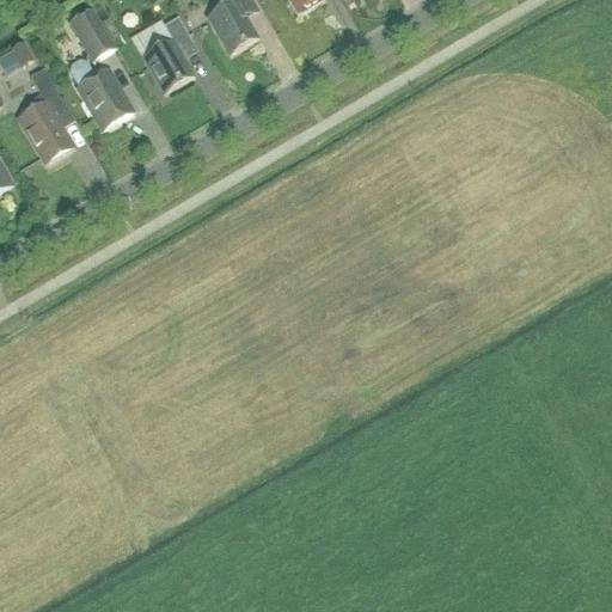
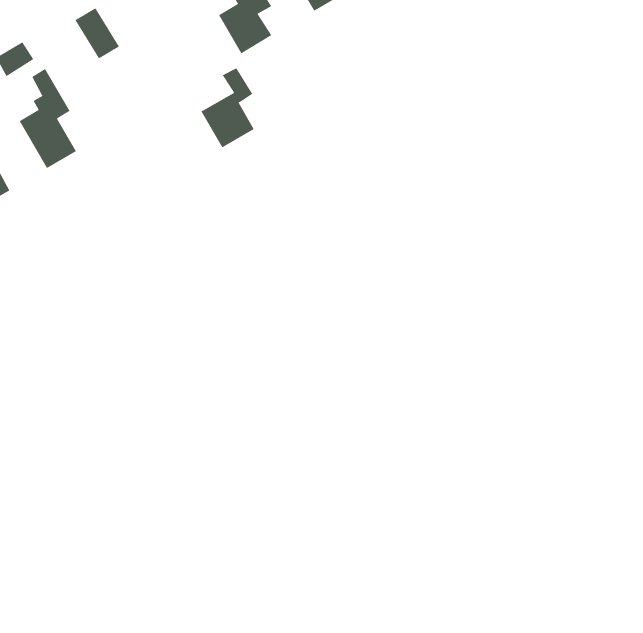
building: [142,13,194,90] -> [200,68,255,148]
building: [79,67,131,126] -> none

